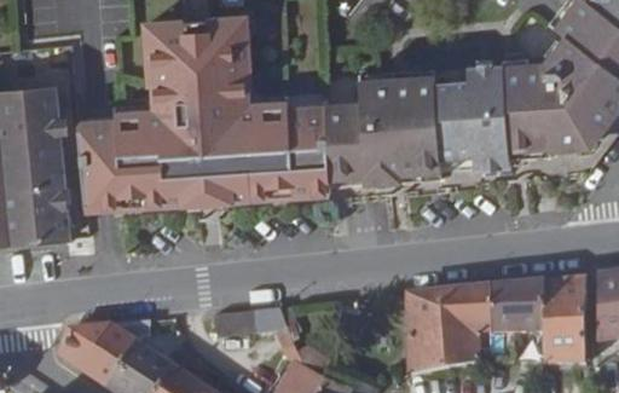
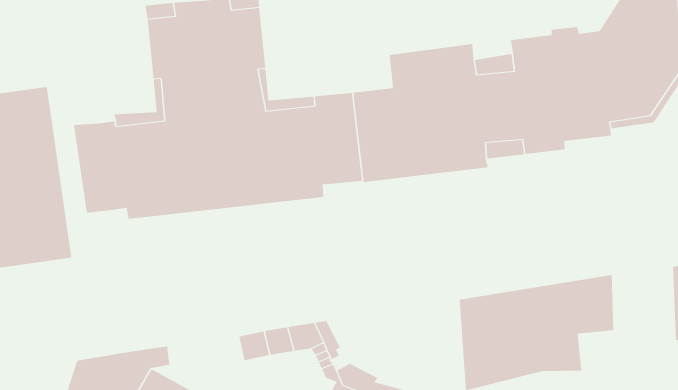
building: [544,277,586,364] -> none

